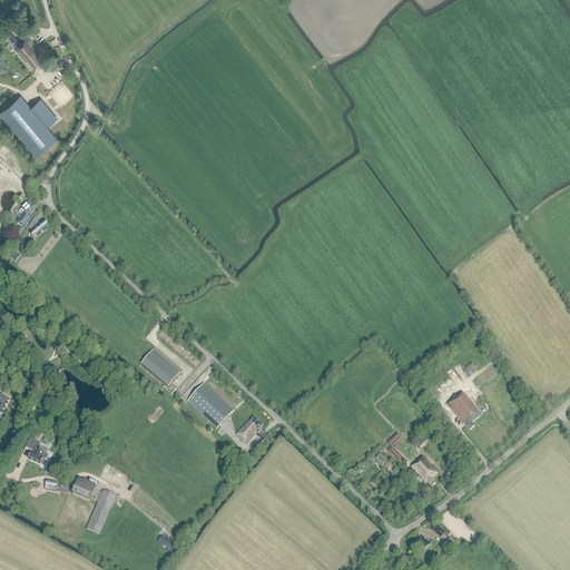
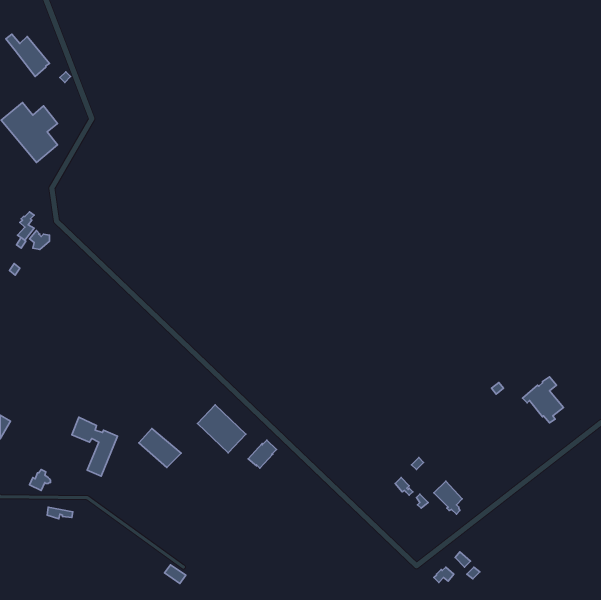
building: [140,348,180,385] -> [139,429,181,467]
building: [443,385,482,429] -> [522,377,564,423]
building: [72,478,116,533] -> [72,417,118,476]

